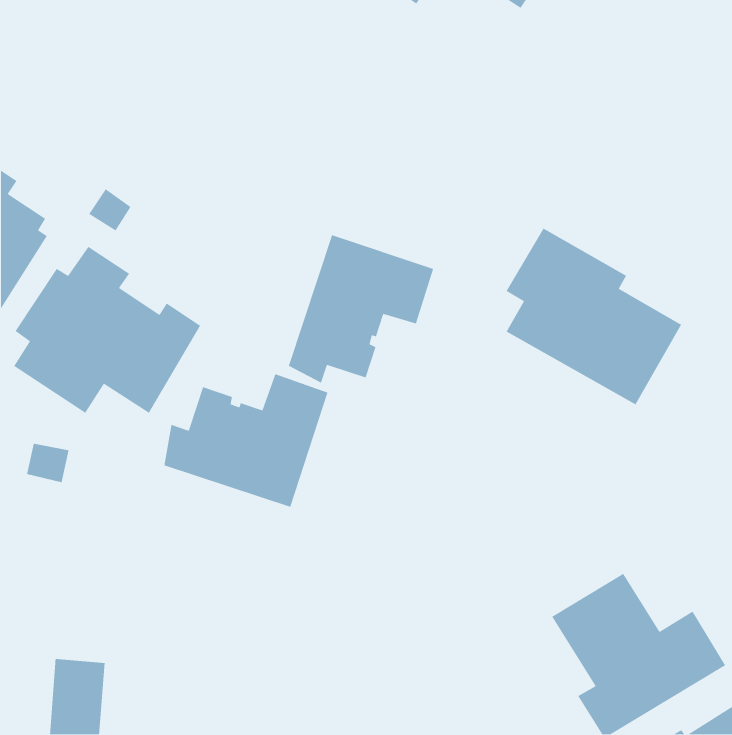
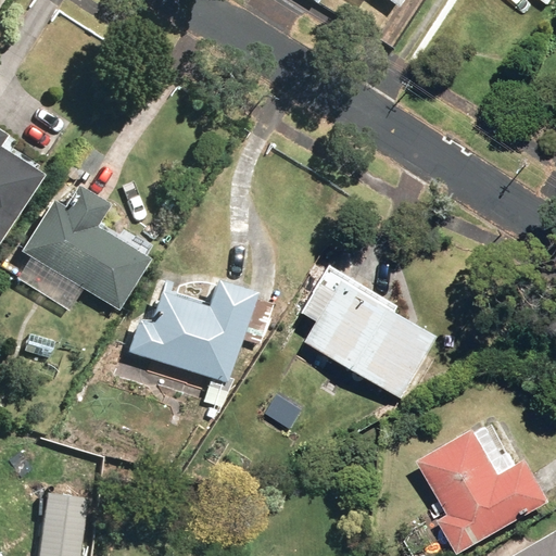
building: [506,228,682,406] -> [304,265,437,399]
building: [288,234,434,384] -> none

